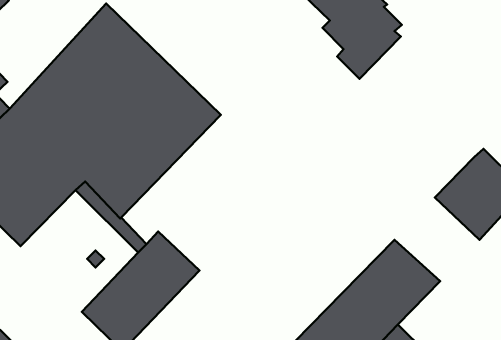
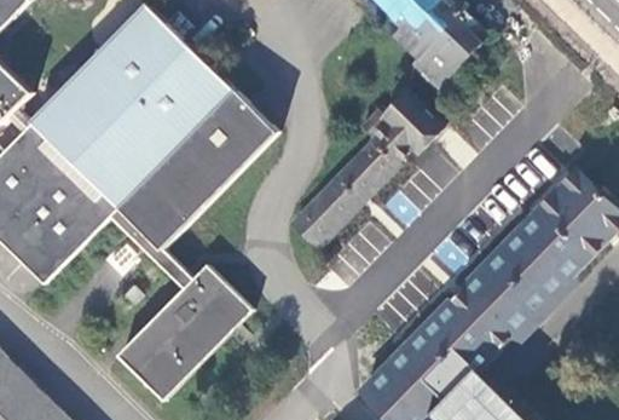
building: none -> [291,92,444,244]
building: none -> [474,226,571,322]

